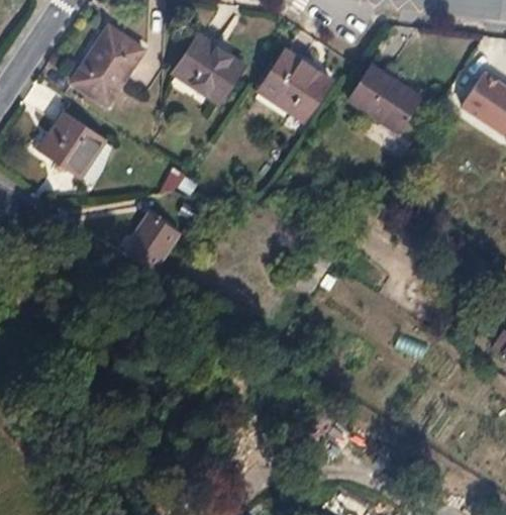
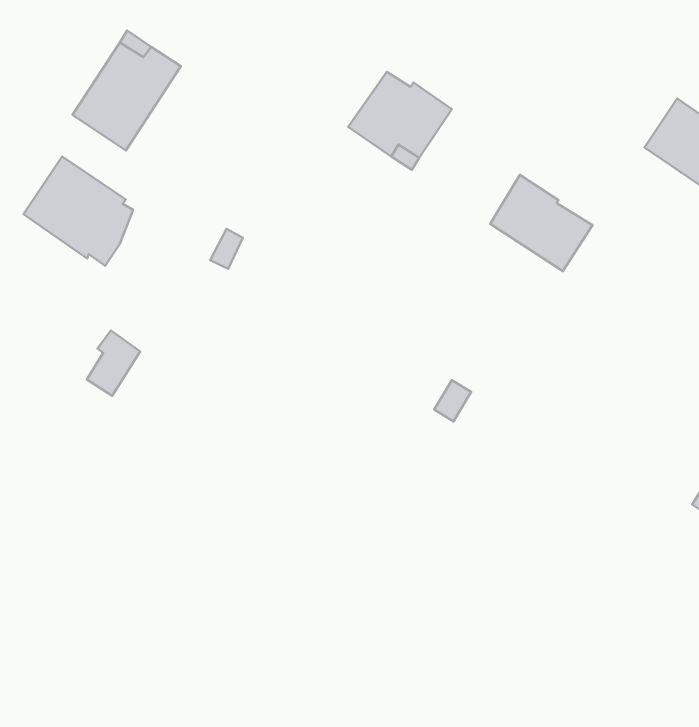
building: [173,34,241,102] -> none
building: [348,64,418,129] -> [490,175,593,271]
building: [135,228,172,273] -> [87,331,140,396]

